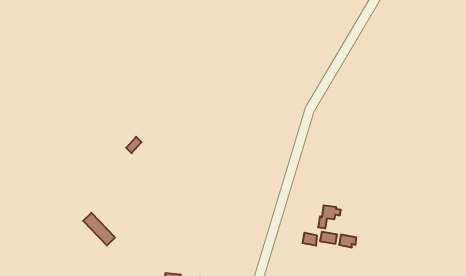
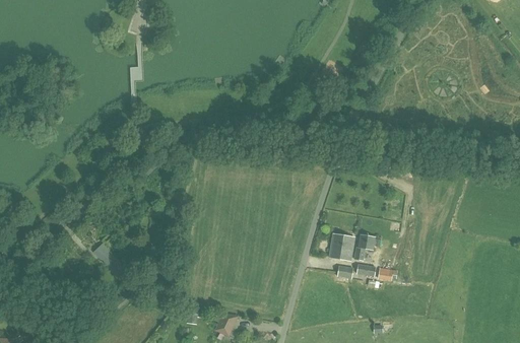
building: none -> [328,233,353,260]

